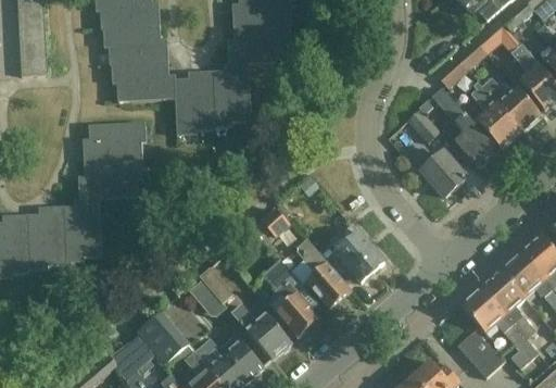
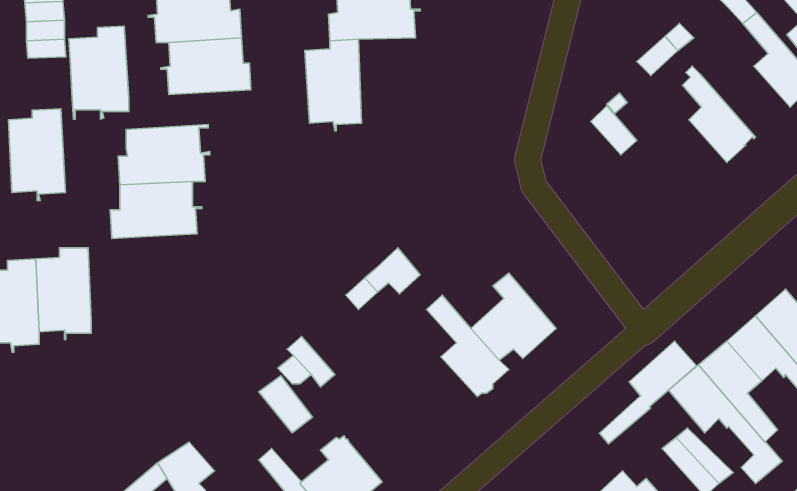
building: [174,71,215,135] -> [69,26,129,119]
building: [483,79,541,130] -> none
building: [432,87,498,168] -> none
building: [410,146,467,197] -> none
building: [63,199,102,262] -> [9,109,66,200]
building: [267,262,320,337] -> none
building: none -> [599,341,697,444]
building: [232,303,292,360] -> none
building: [137,311,190,365] -> none

